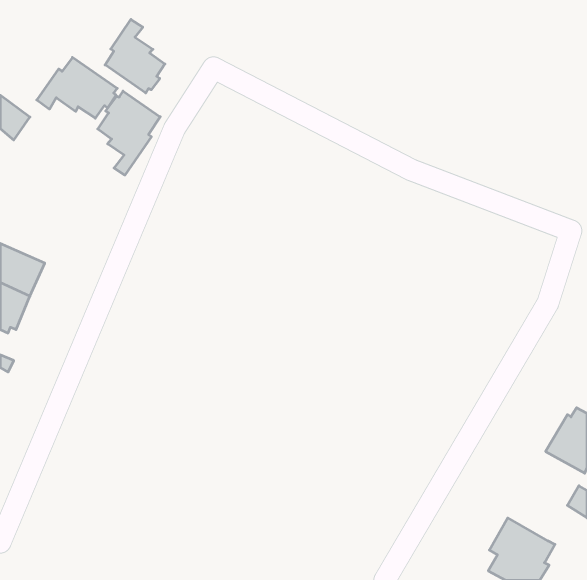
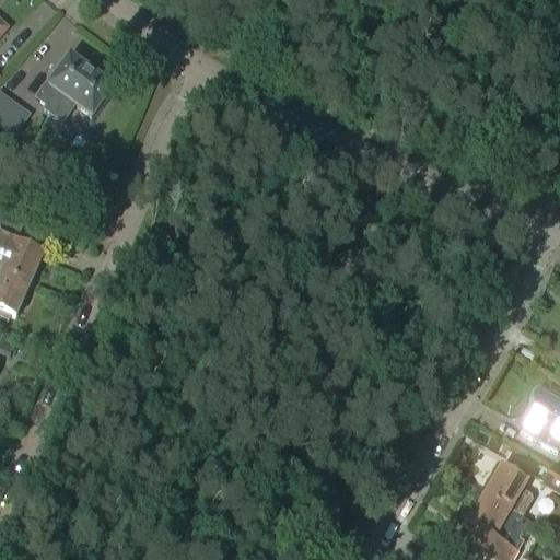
building: [105,19,165,93] -> none
building: [98,91,160,175] -> none
building: none -> [483,459,533,515]

